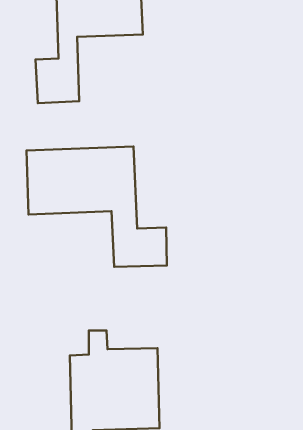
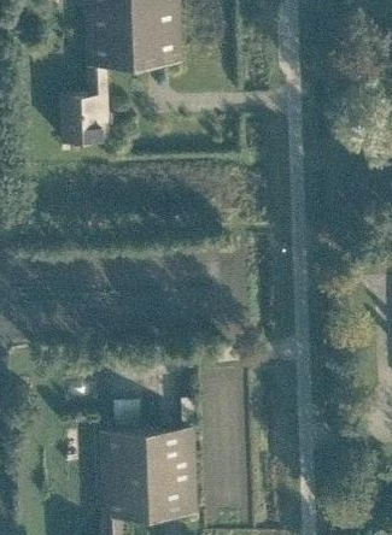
building: [27,146,167,267] -> none

